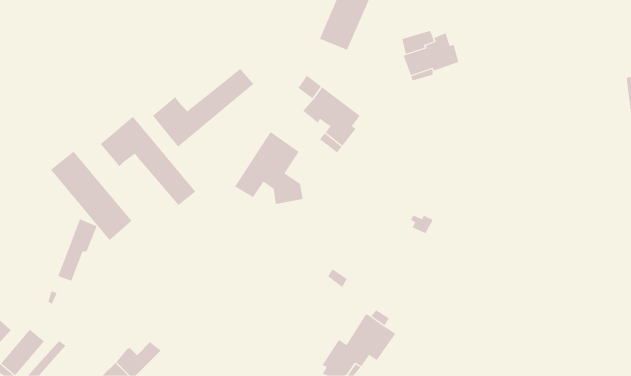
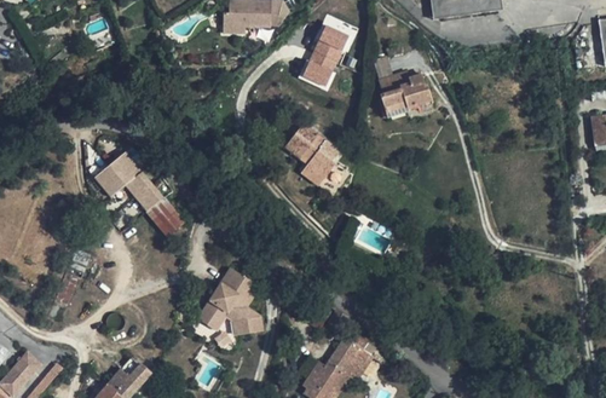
building: [152,68,254,147] -> none
building: [234,131,303,204] -> [198,269,264,338]
building: [50,151,132,241] -> none

